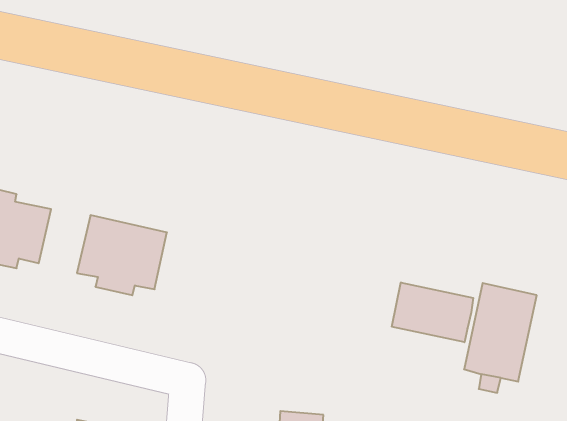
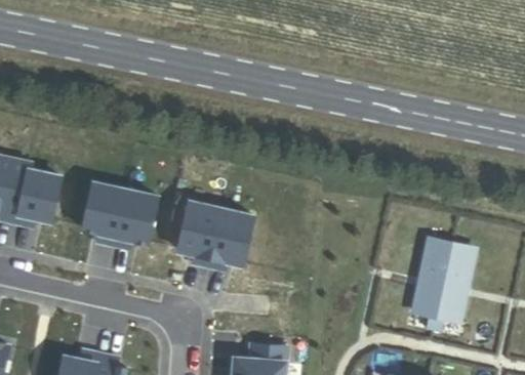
building: none -> [179,201,255,269]
building: [392,282,473,342] -> none

